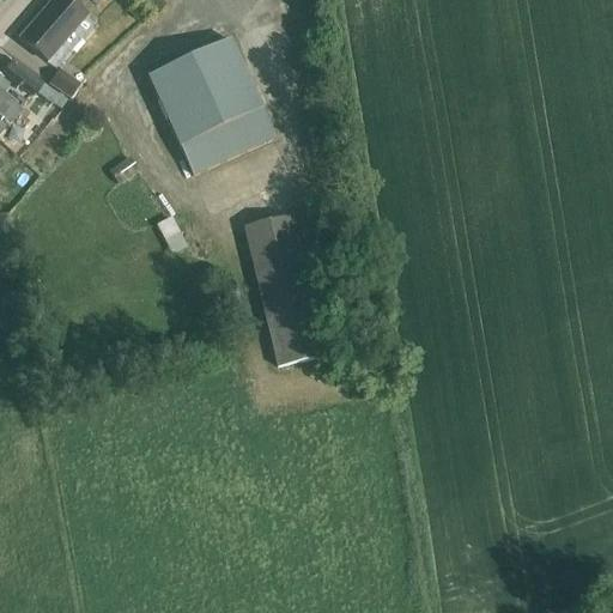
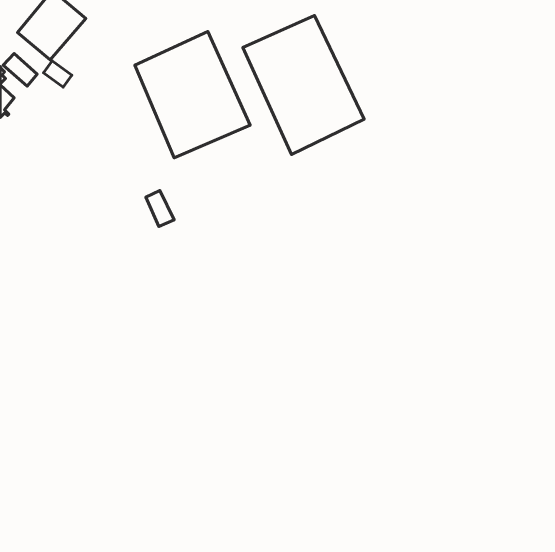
building: none -> [243,16,364,155]
building: [244,213,324,365] -> none

